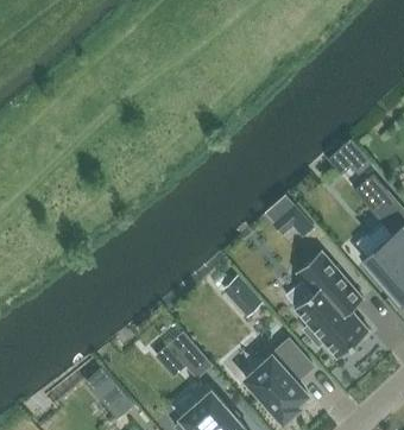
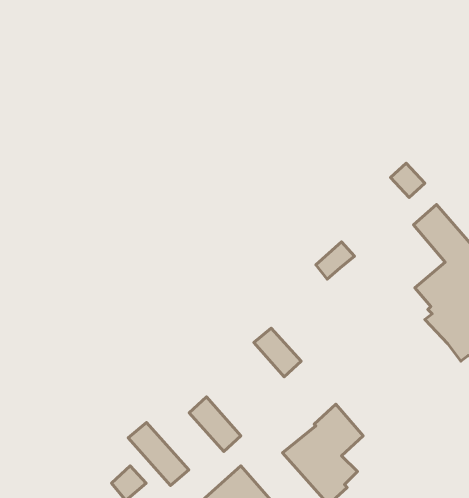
building: [295,252,368,360] -> none
building: none -> [128,422,189,485]

